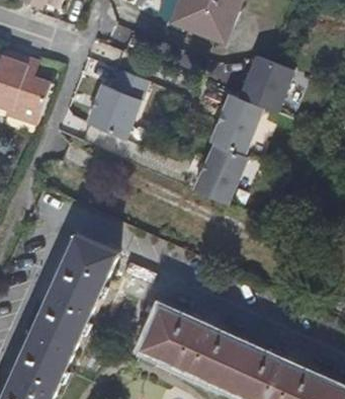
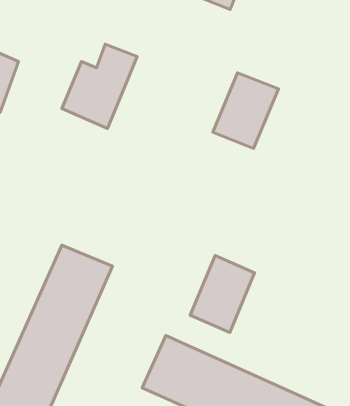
building: [239,57,289,108] -> none
building: [194,146,247,209] -> [190,256,255,332]

